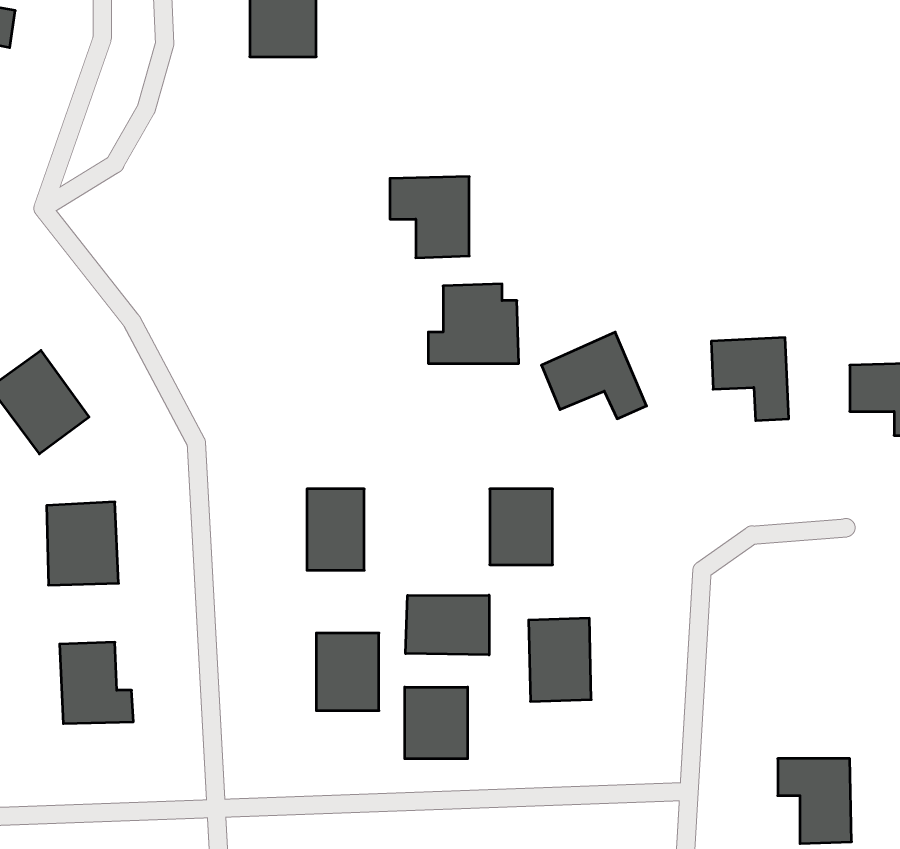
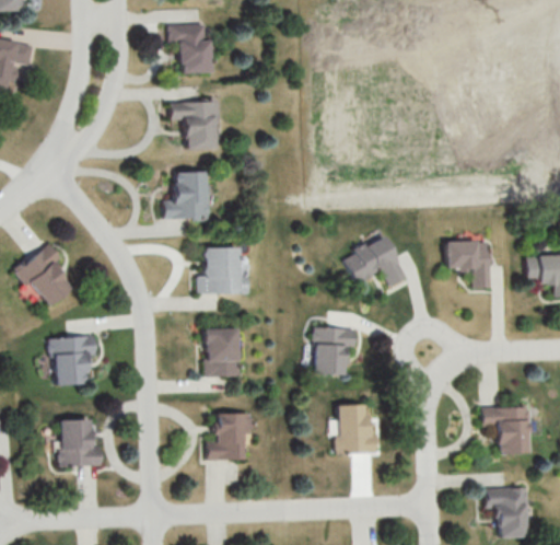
building: [390,177,469,258] -> [171,102,218,150]
building: none -> [164,172,208,219]
building: [428,284,519,363] -> [197,246,250,293]
building: [406,595,489,655] -> none
building: none -> [481,407,529,453]
building: [405,687,468,759] -> none

